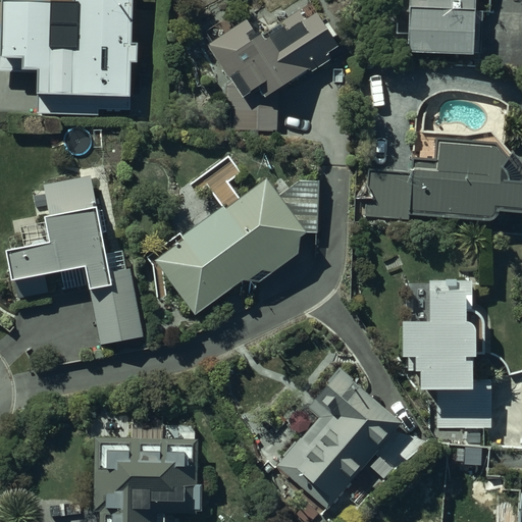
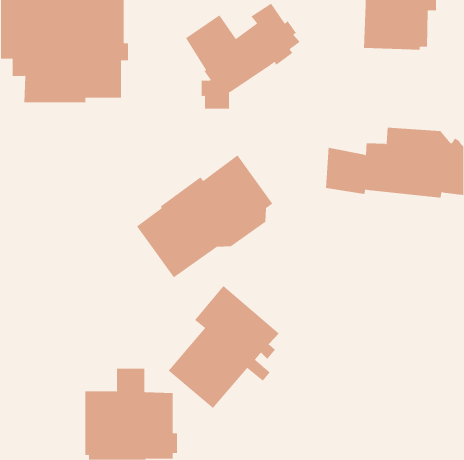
building: [6,175,145,345] -> none
building: [402,280,489,427] -> none
building: [276,369,402,508] -> [168,285,279,409]

